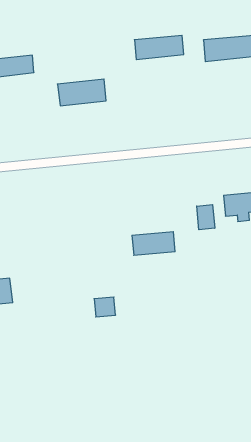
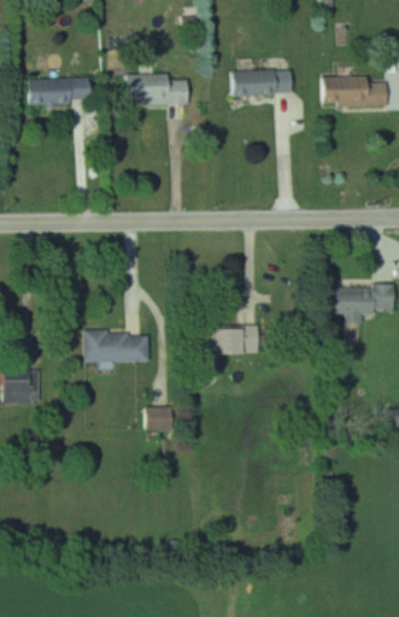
building: [57,79,106,106] -> [127,74,189,104]
building: [197,205,215,230] -> none
building: none -> [83,333,148,362]

